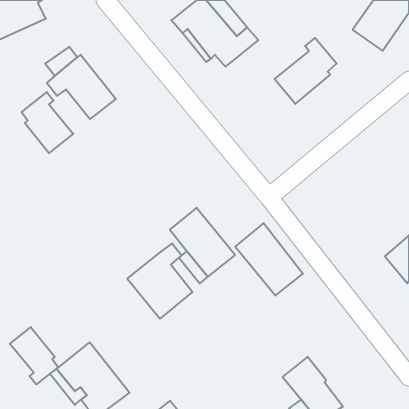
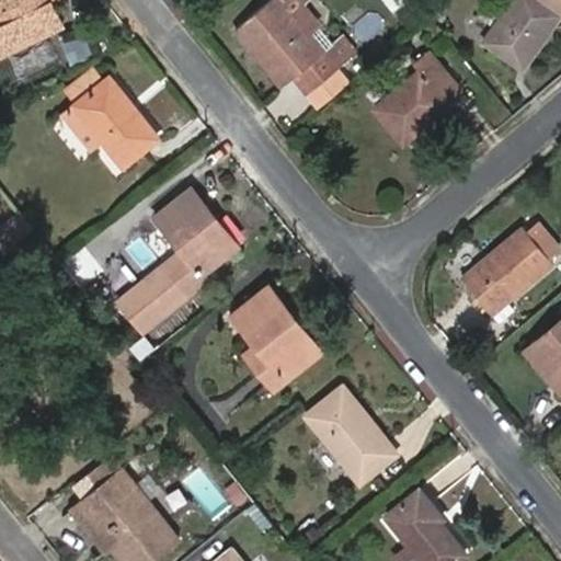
building: [22,92,73,153] -> none
building: none -> [119,190,236,332]
building: none -> [460,228,552,317]
building: [235,223,303,296] -> [305,385,397,483]
building: [127,243,192,319] -> none
building: [10,327,58,384] -> none

